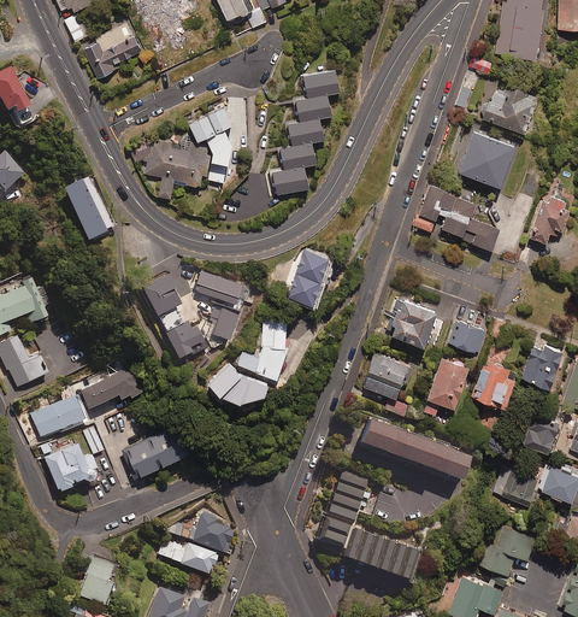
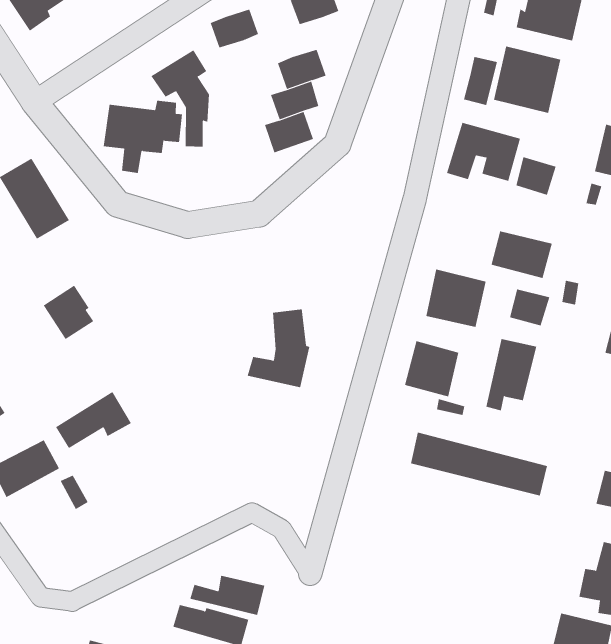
building: [299,92,336,119] -> [210,9,259,48]
building: none -> [463,56,497,106]
building: [289,248,332,304] -> none
building: [196,271,246,341] -> none
building: [144,274,183,316] -> [43,285,94,340]
building: none -> [491,231,553,279]
building: [169,322,206,359] -> none
building: [212,360,273,401] -> none
building: [471,362,518,410] -> none
building: [125,424,193,477] -> none
building: [45,442,98,492] -> none
building: [315,471,413,583] -> none

